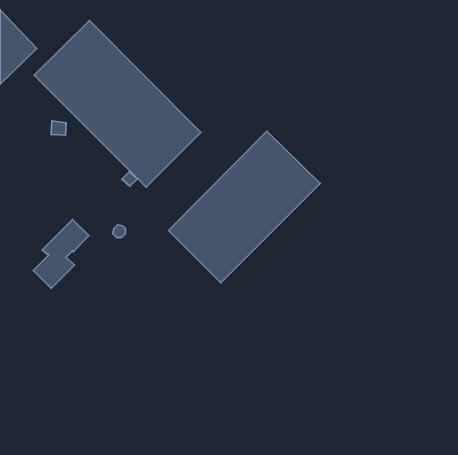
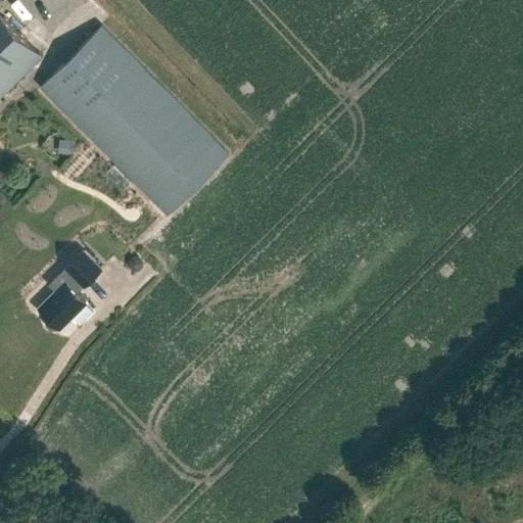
building: [168,131,320,283] -> none

